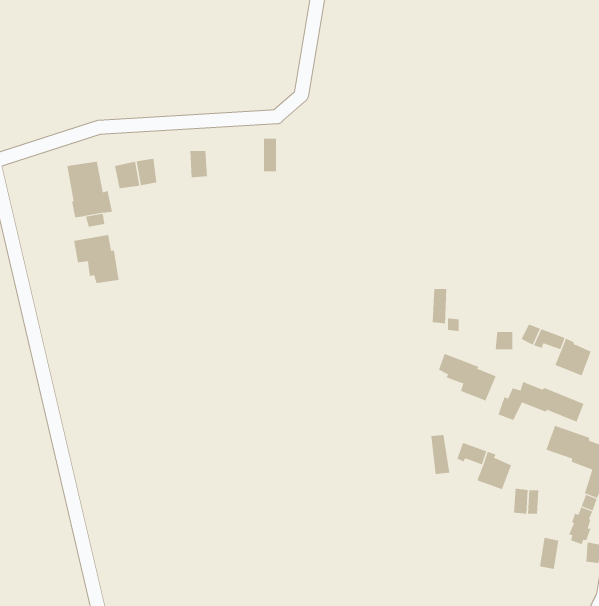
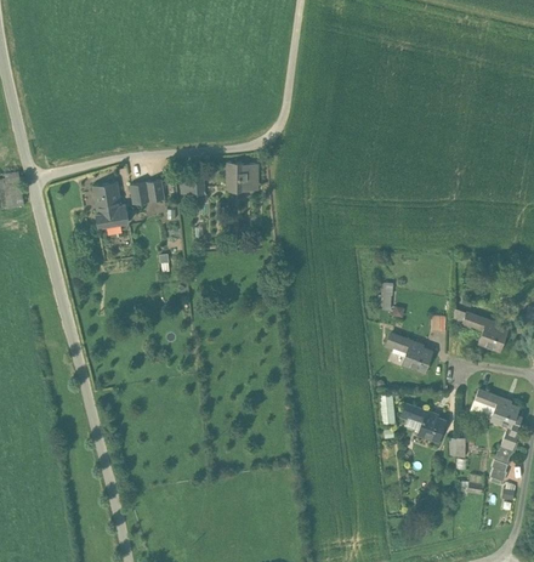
building: none -> [226,161,248,191]
building: [72,234,119,284] -> none
building: [498,381,584,422] -> none

